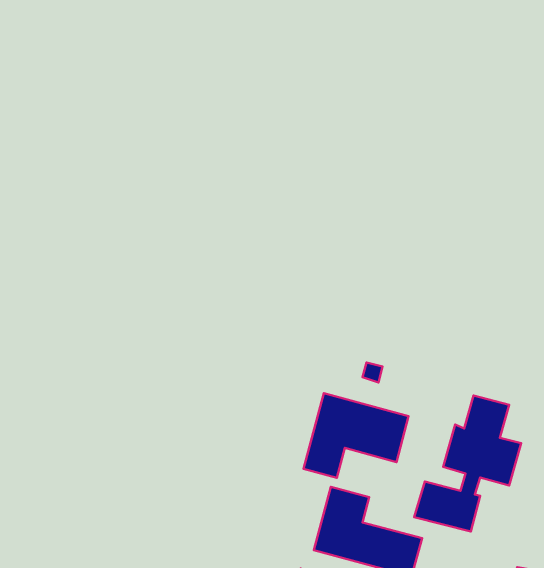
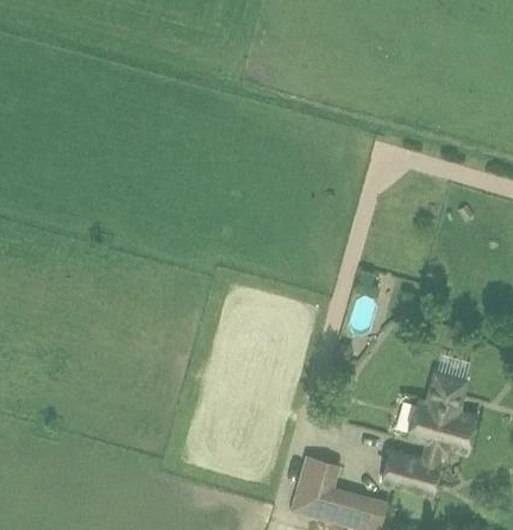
building: [303,393,409,478] -> none

